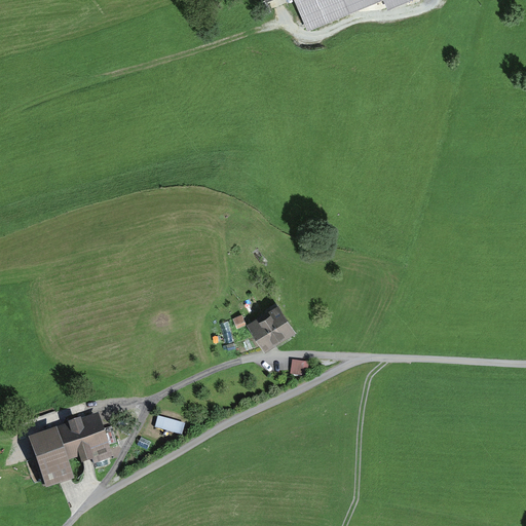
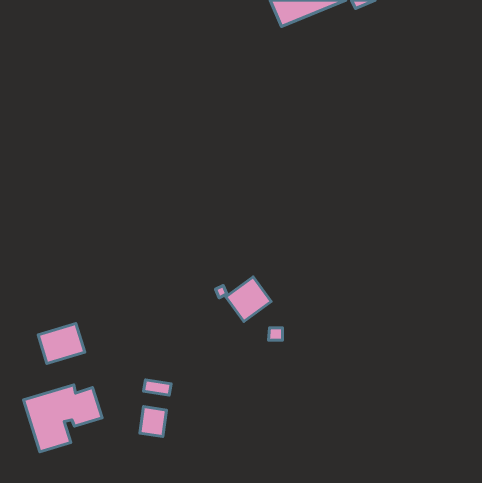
building: none -> [38,323,85,364]
building: none -> [140,407,167,437]

